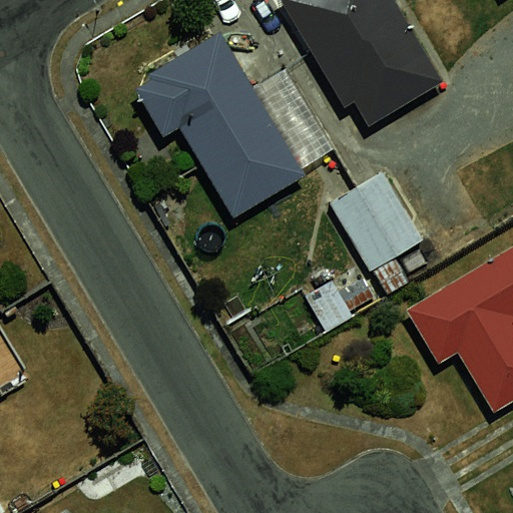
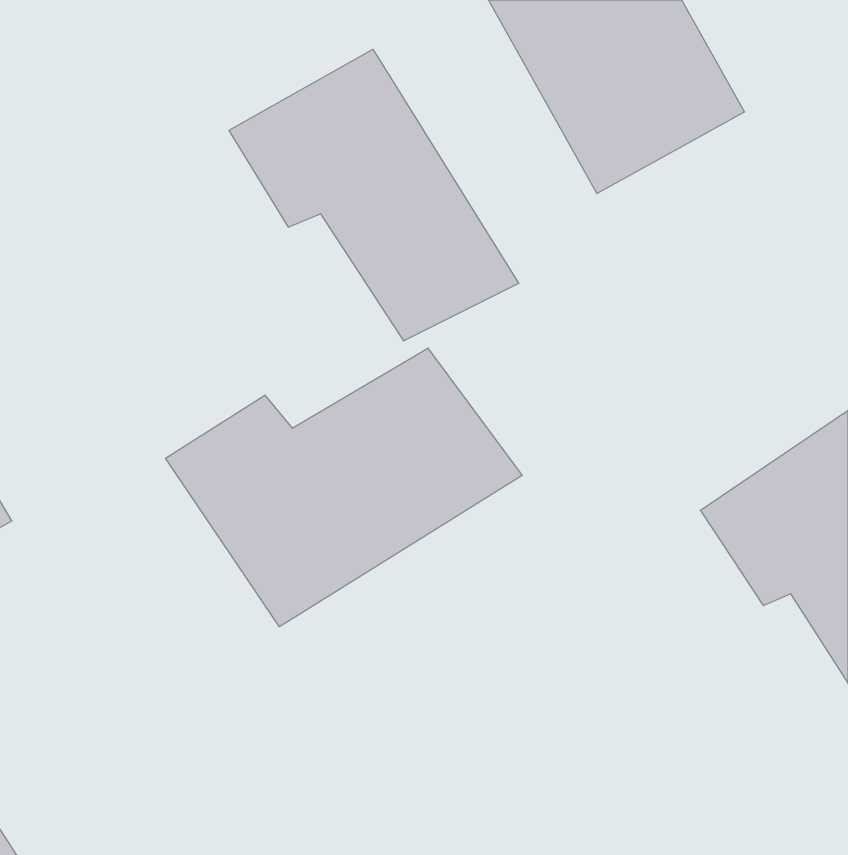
building: [323,181,417,282] -> none
building: none -> [166,348,522,627]

